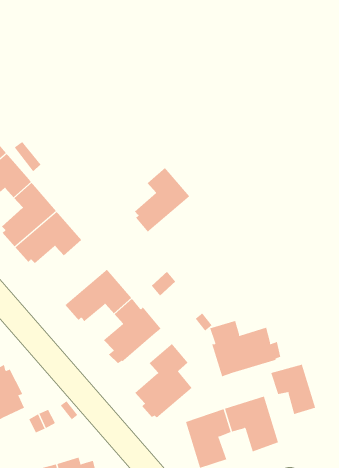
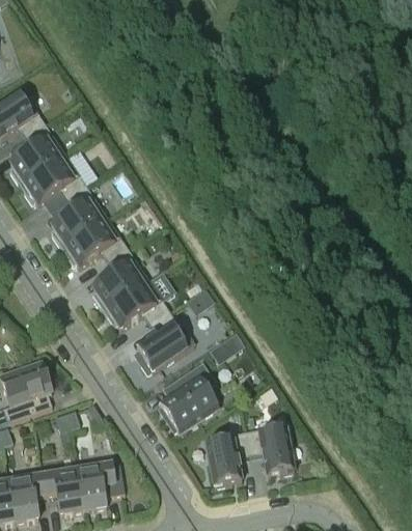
building: [134,167,190,232] -> [91,249,147,310]
building: [210,320,281,377] -> none
building: [271,364,316,415] -> none

